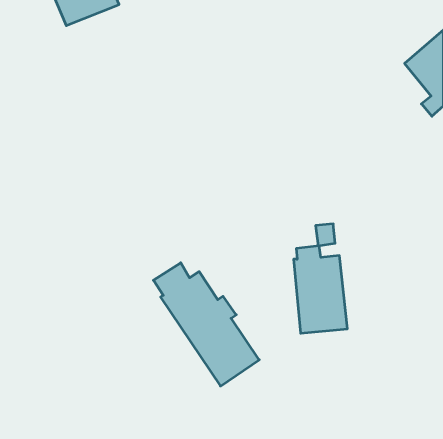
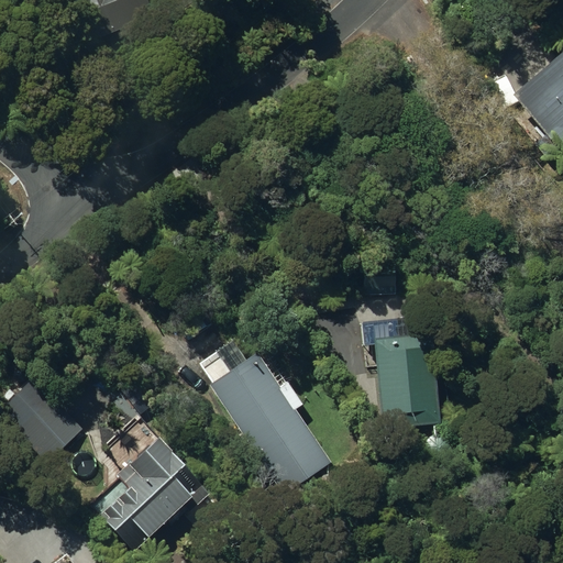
building: none -> [13,394,84,463]
building: none -> [90,434,200,549]

